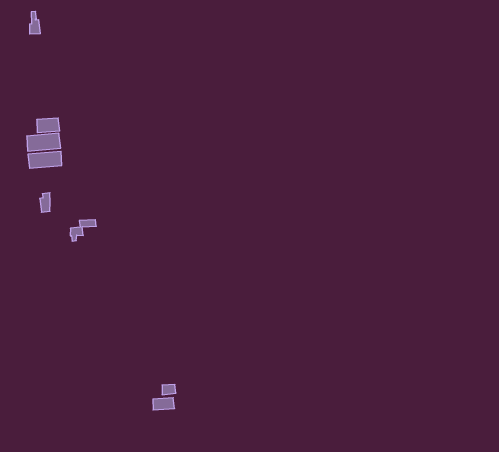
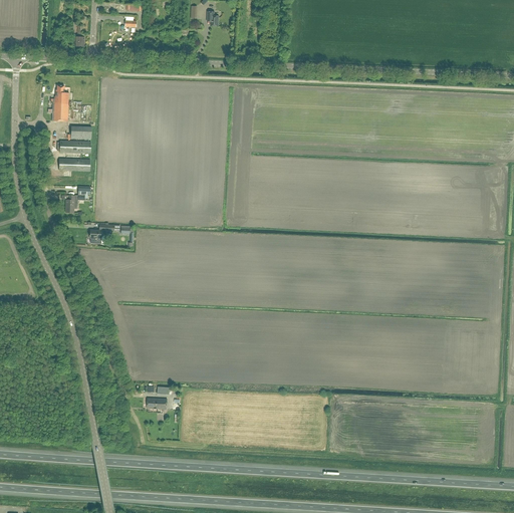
building: none -> [50,85,68,121]

